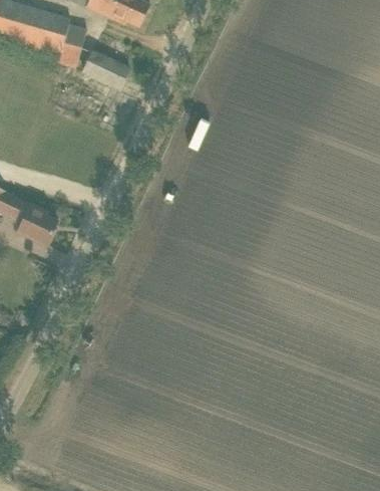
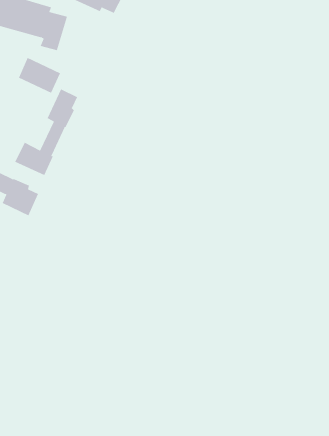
building: [81,49,127,88] -> [18,57,61,94]
building: none -> [15,89,78,176]

